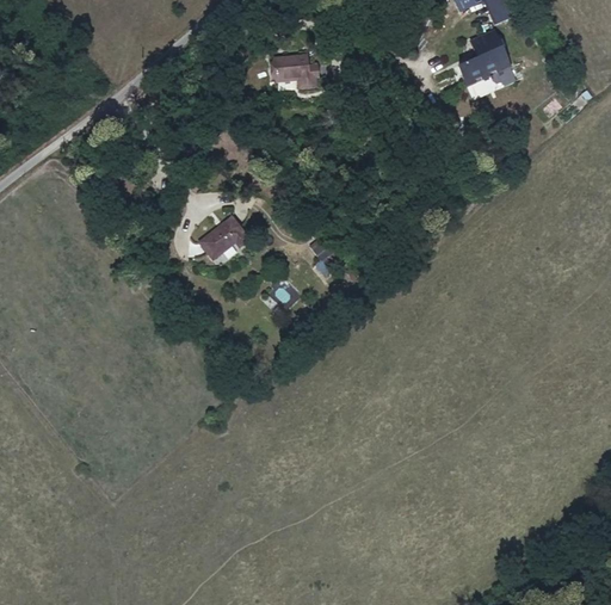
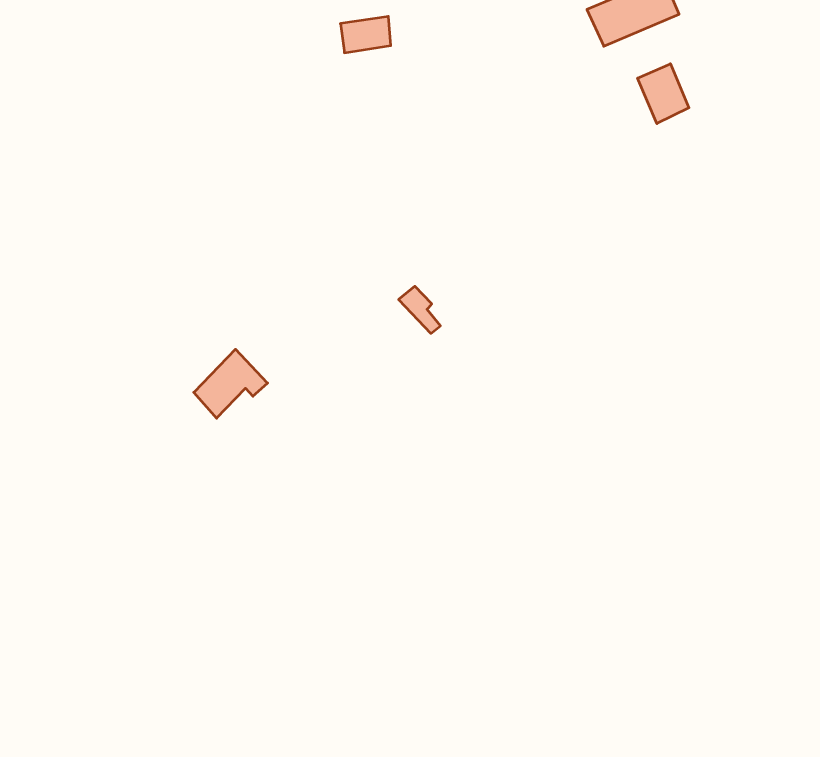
building: none -> [638,64,689,124]
building: [202,216,253,263] -> [194,349,268,418]

